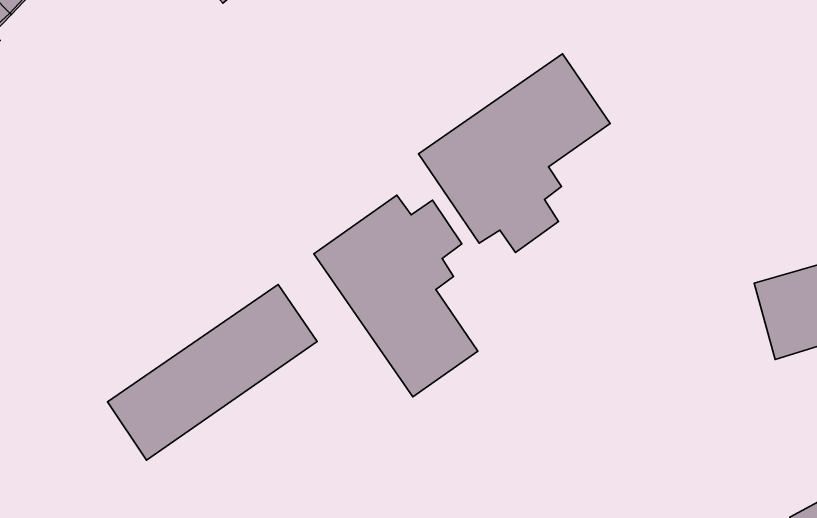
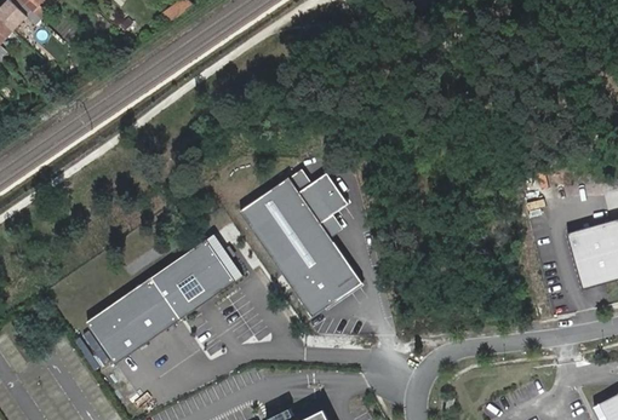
building: [418,54,610,253] -> none

